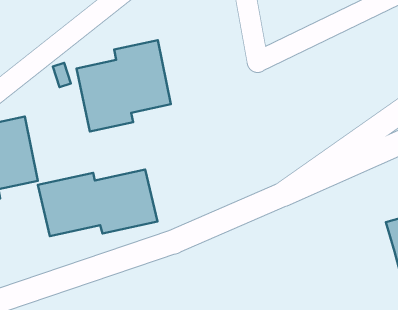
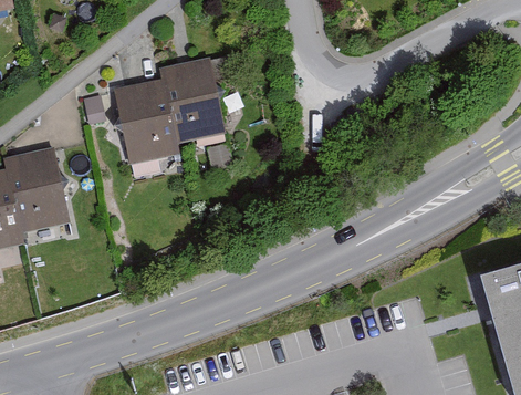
building: [38,170,157,236] -> none

